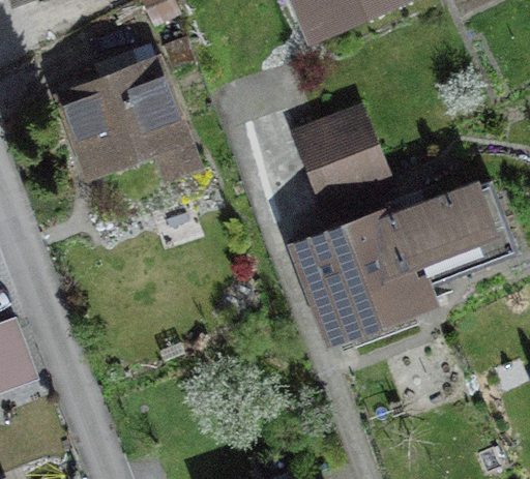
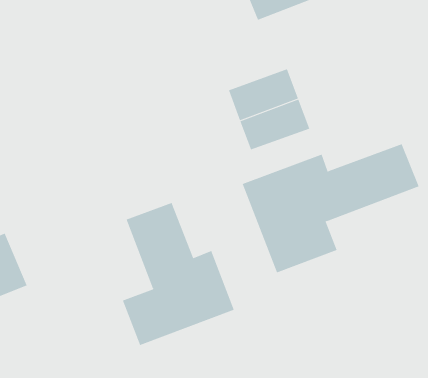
building: [56,57,188,187] -> none
building: none -> [122,202,235,346]

